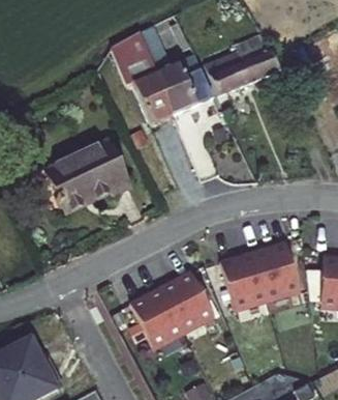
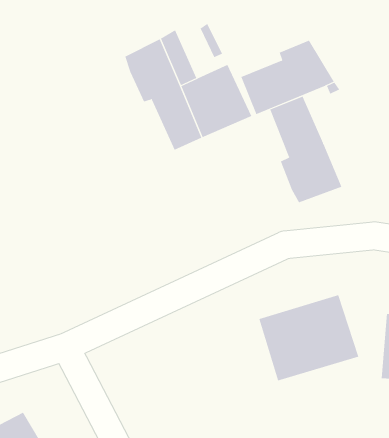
building: none -> [270,96,342,203]
building: [45,139,130,211] -> none
building: [132,270,214,349] -> none

